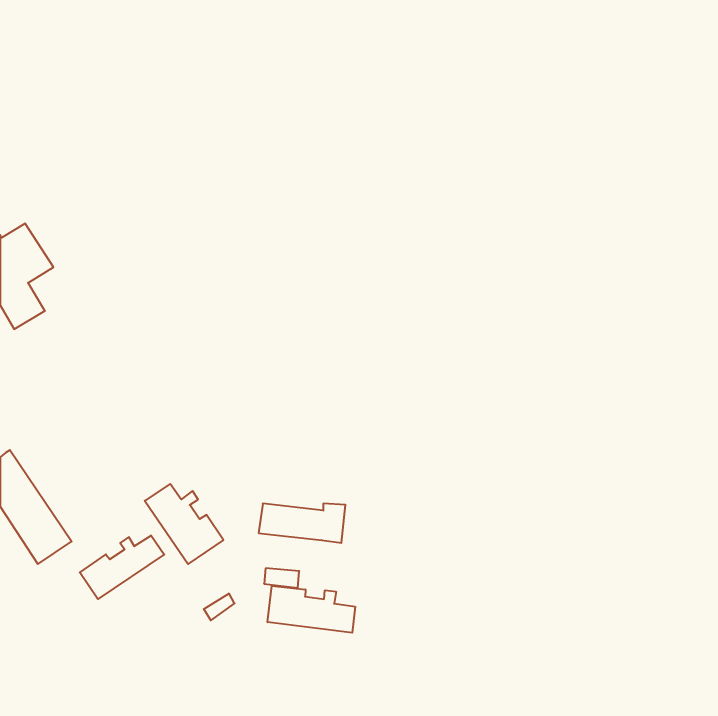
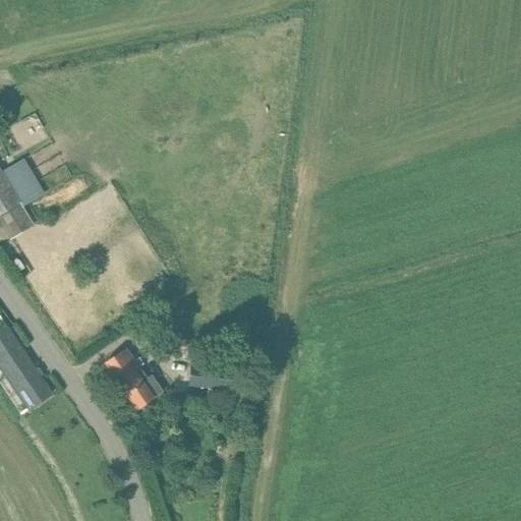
building: [80,535,164,599] -> none
building: [268,586,355,633] -> none

